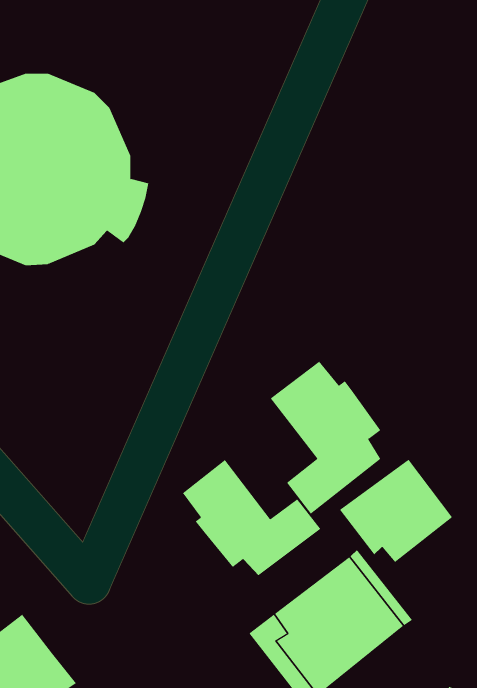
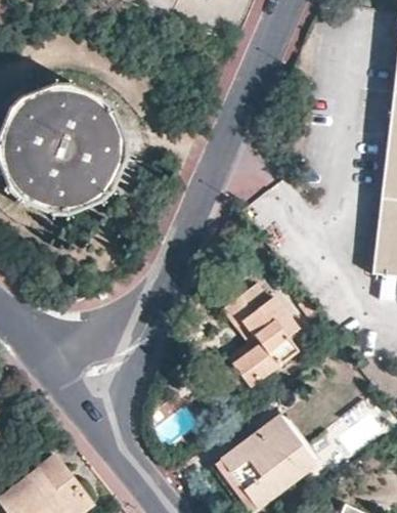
building: [339,459,453,563] -> none
building: [182,459,321,576] -> none

